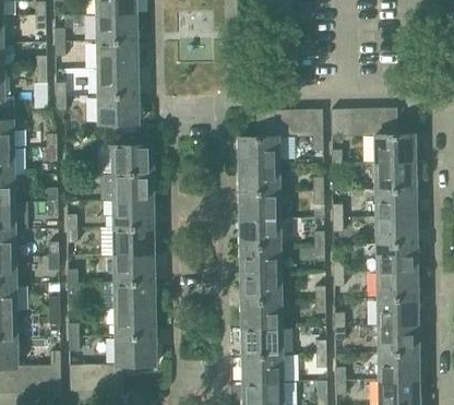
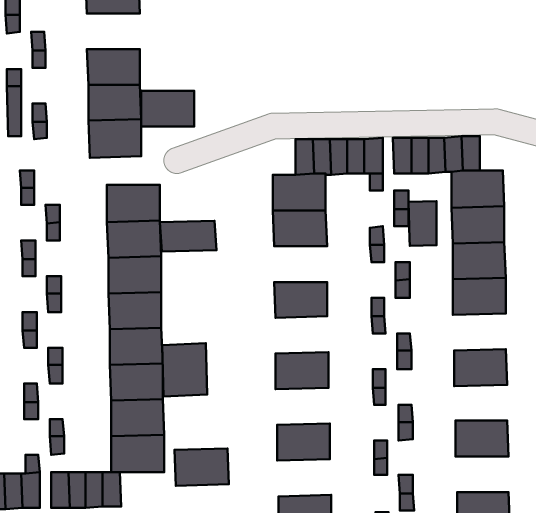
building: [97,14,138,41] -> [141,91,194,127]
building: none -> [408,201,437,246]
building: none -> [160,221,216,252]
building: [240,192,280,219] -> none
building: [377,243,417,272] -> none
building: [241,246,282,274] -> none
building: none -> [162,343,207,397]
building: [378,298,418,325] -> none
building: [241,300,283,329] -> none
building: [379,353,419,380] -> none
building: [242,355,284,383] -> [175,449,229,486]

